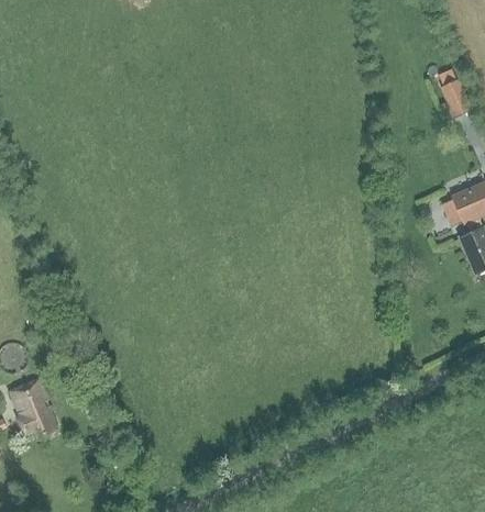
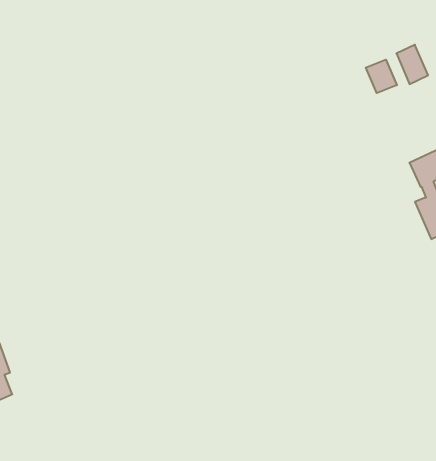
building: none -> [366,60,397,93]

